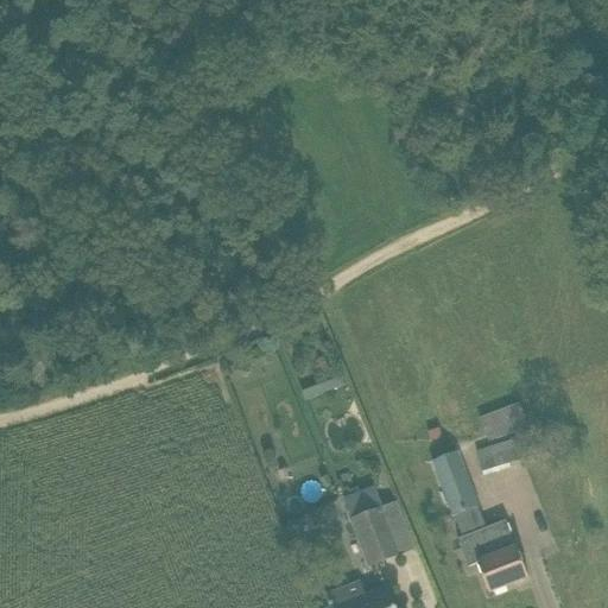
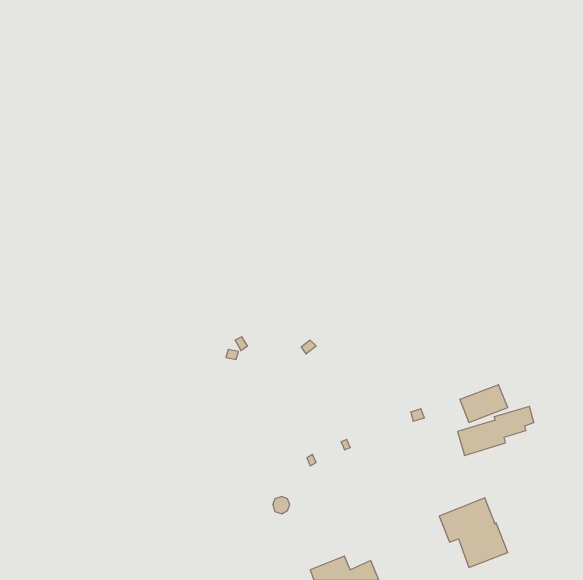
building: [432,449,477,513] -> none
building: [342,484,400,565] -> none

